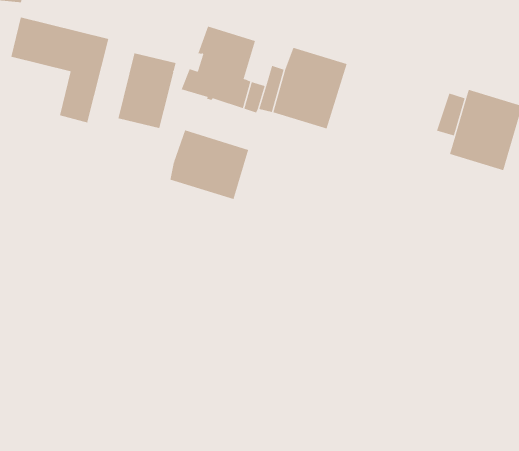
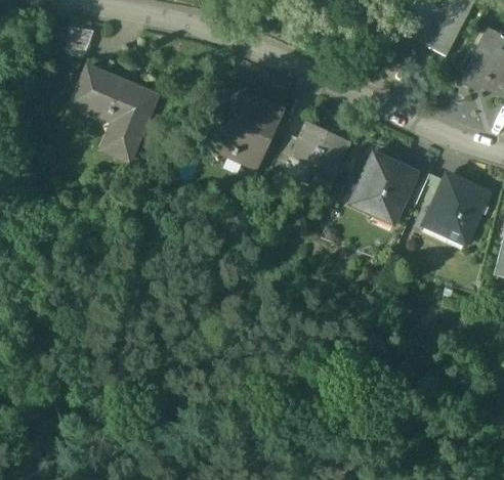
building: [118,53,176,129] -> none
building: none -> [349,151,419,217]
building: [170,130,249,200] -> none

